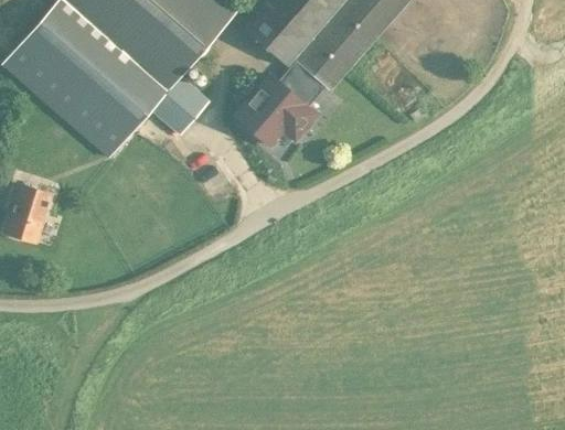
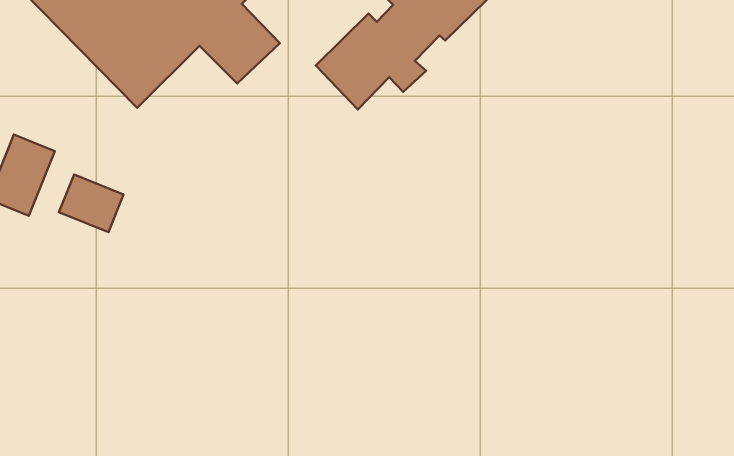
building: none -> [59,175,124,232]

